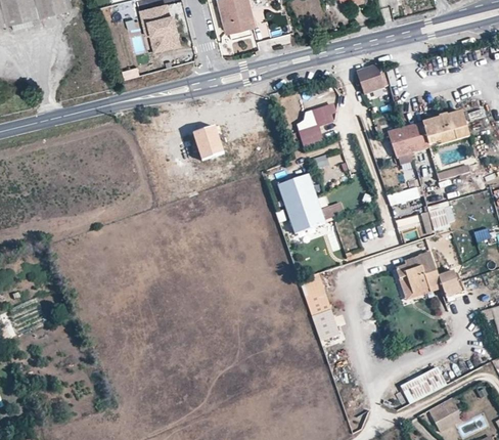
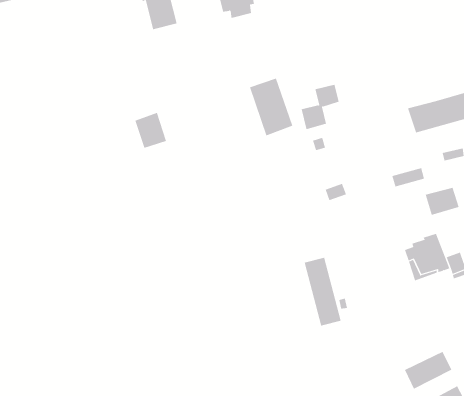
building: [358,64,383,92] -> none
building: [192,124,224,160] -> [135,112,167,149]
building: [388,127,411,156] -> none
building: [279,175,322,232] -> [249,78,293,136]

